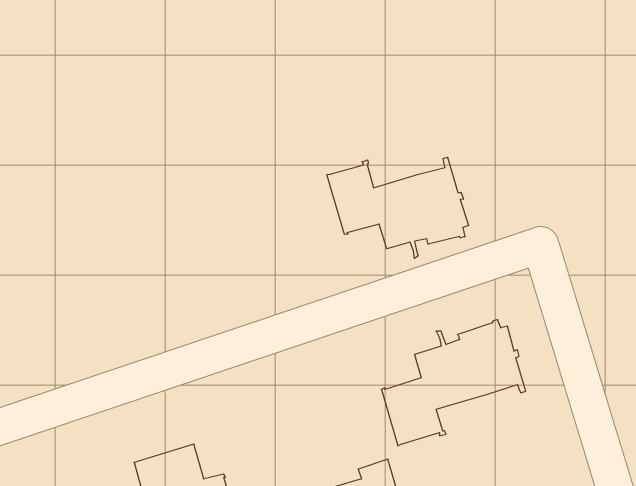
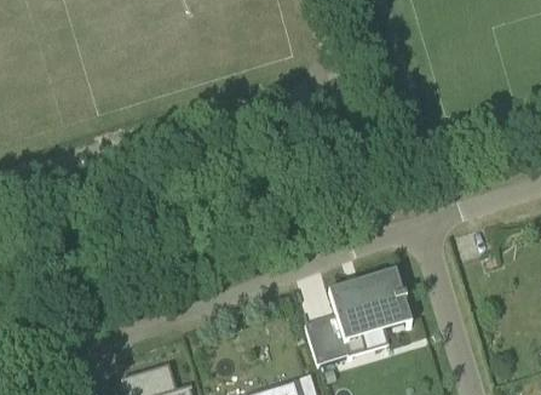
building: [327,157,468,258] -> none

